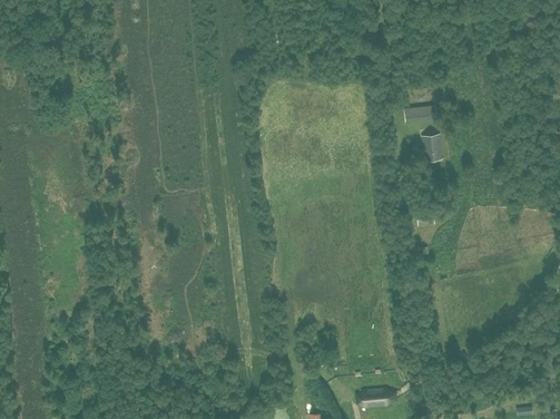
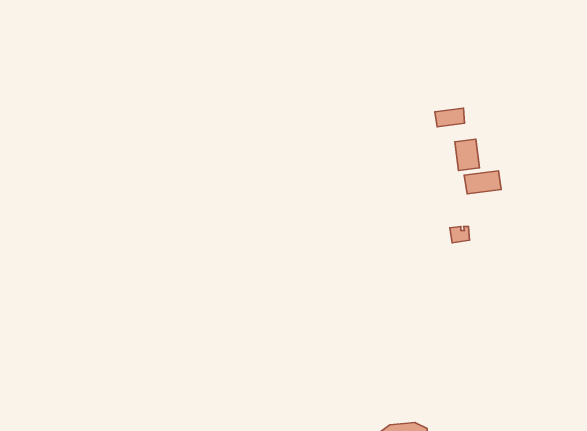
building: none -> [464,171,501,194]

